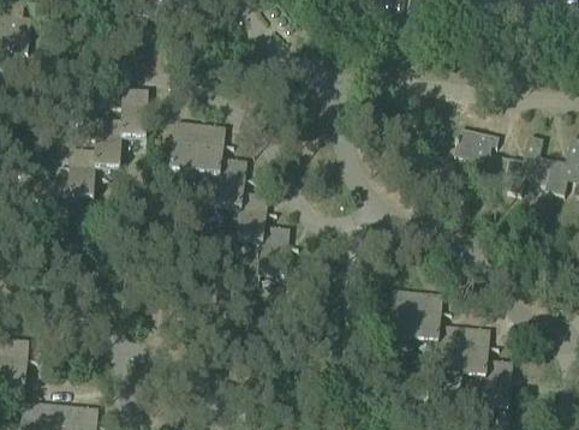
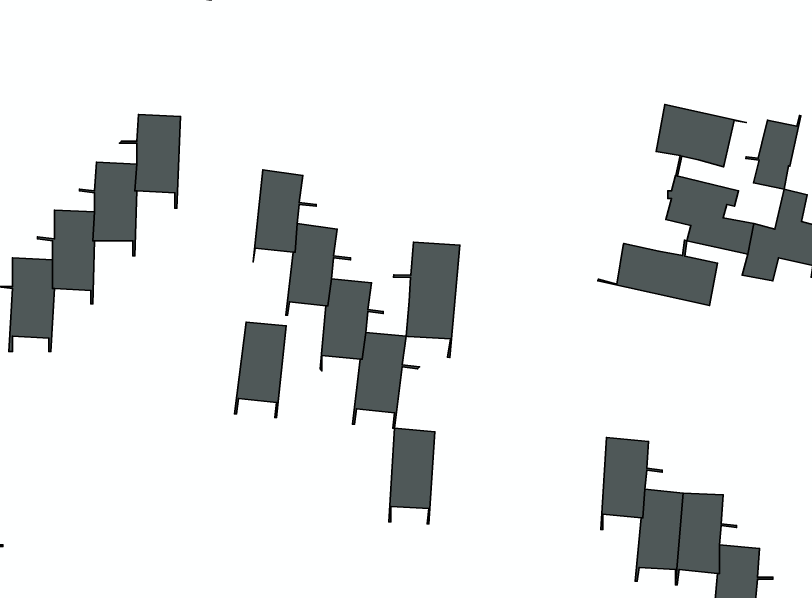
building: none -> [656,105,746,176]
building: none -> [746,115,801,189]
building: [168,121,201,181] -> [235,322,286,418]
building: none -> [598,240,717,305]
building: none -> [393,242,460,358]
building: [388,289,417,350] -> [389,428,435,524]

